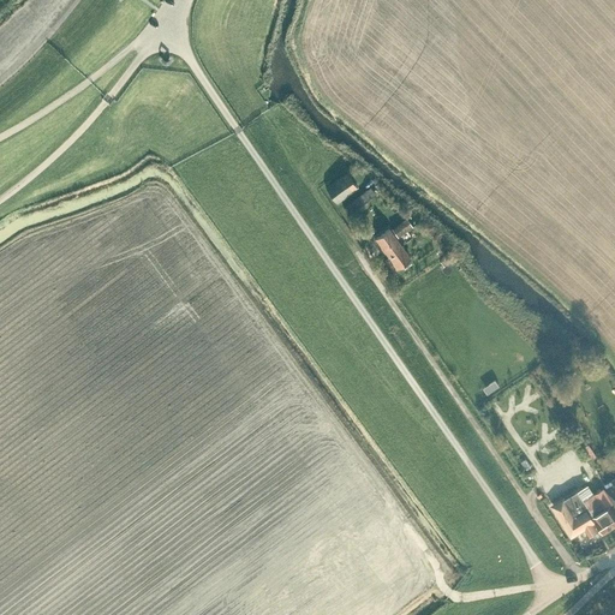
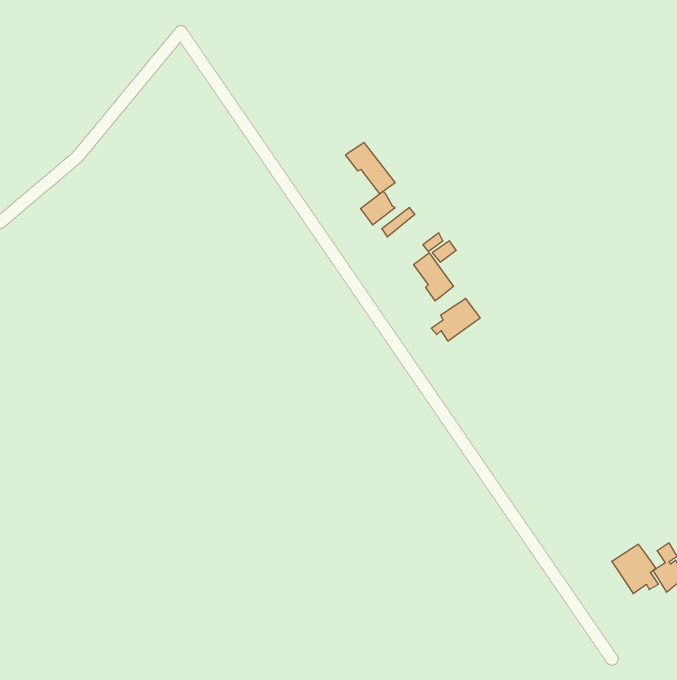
building: none -> [346,142,395,194]
building: none -> [431,298,480,341]

